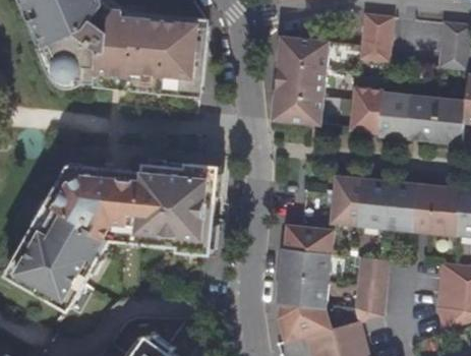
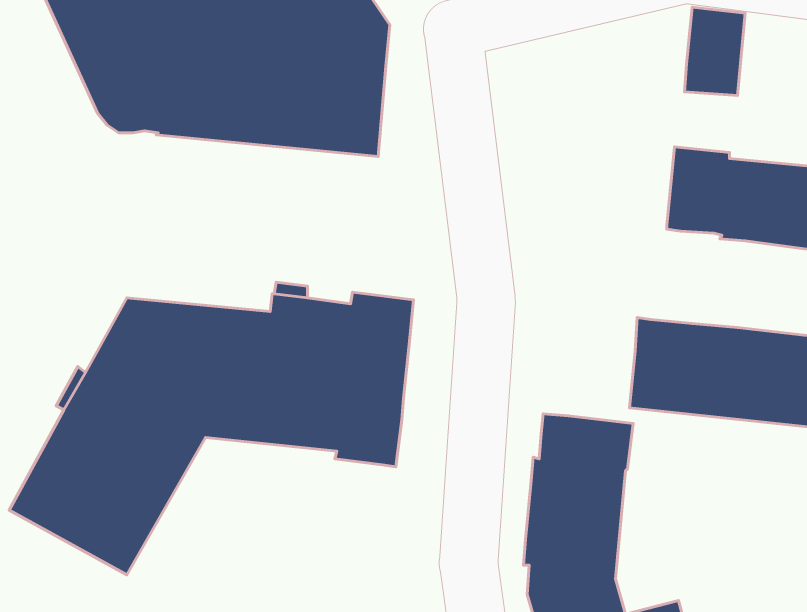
building: [272,37,328,124] -> none
building: [352,257,385,321] -> none

